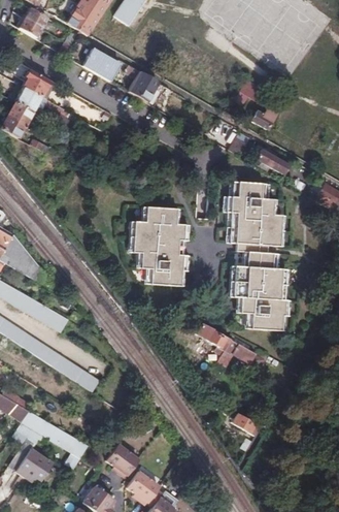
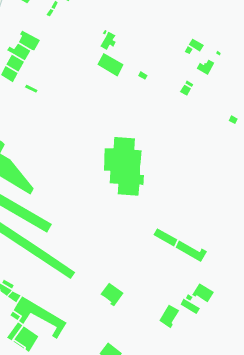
building: [83,47,121,81] -> [96,52,125,78]
building: [255,148,289,174] -> none
building: [226,183,287,331] -> none
building: none -> [191,282,215,303]
building: none -> [158,303,181,330]
building: [106,443,139,476] -> [99,282,125,307]

